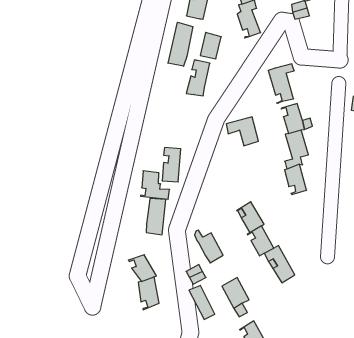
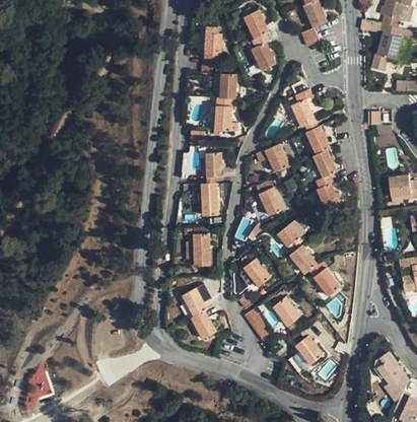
building: [168,22,193,66] -> none
building: none -> [258,187,282,215]
building: [141,171,170,199] -> [205,152,232,177]

